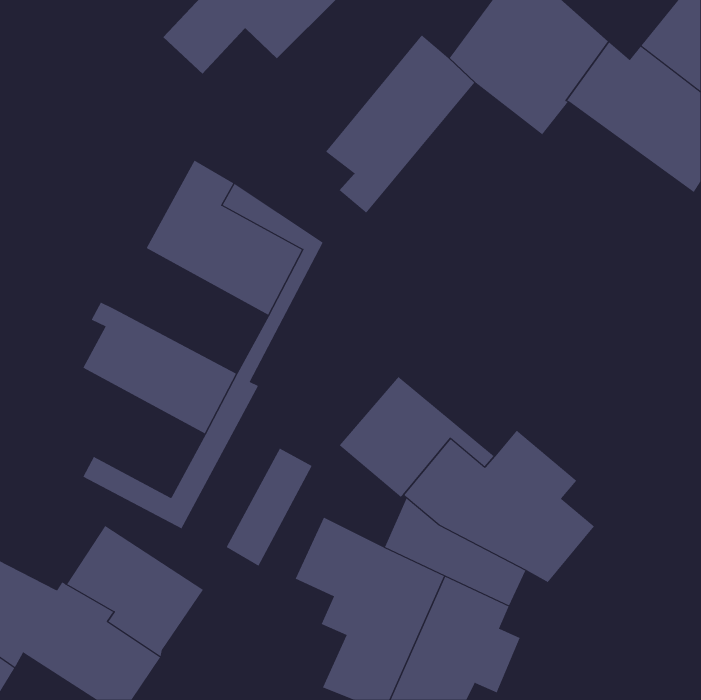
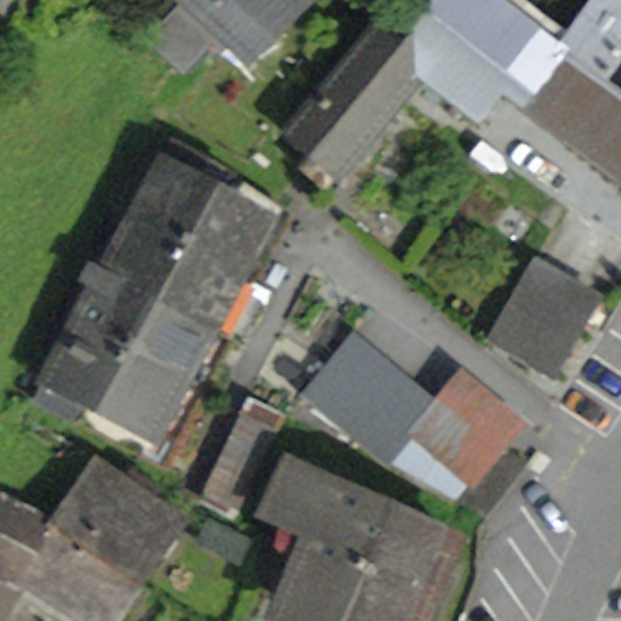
building: none -> [101,218,237,329]
building: none -> [485,260,598,377]
building: none -> [33,324,181,438]

